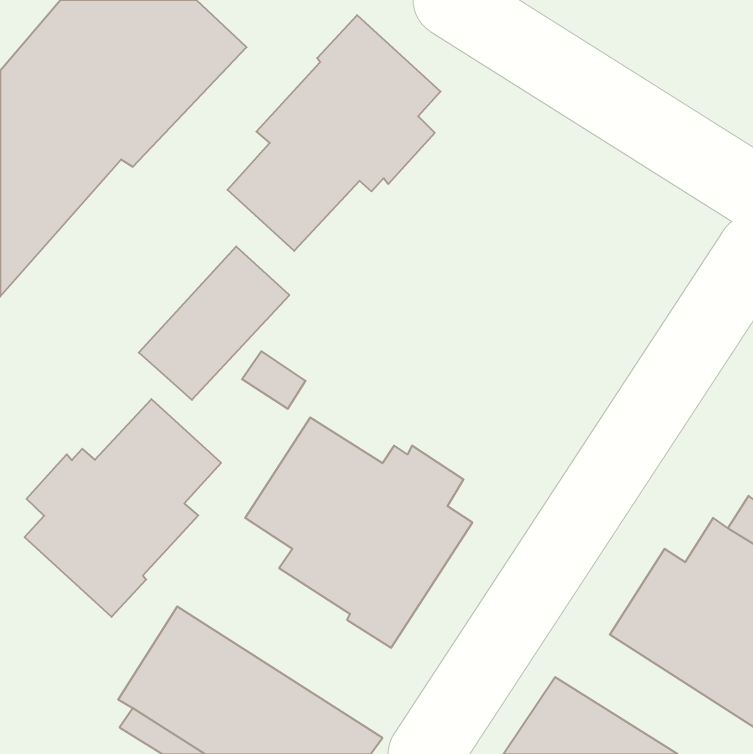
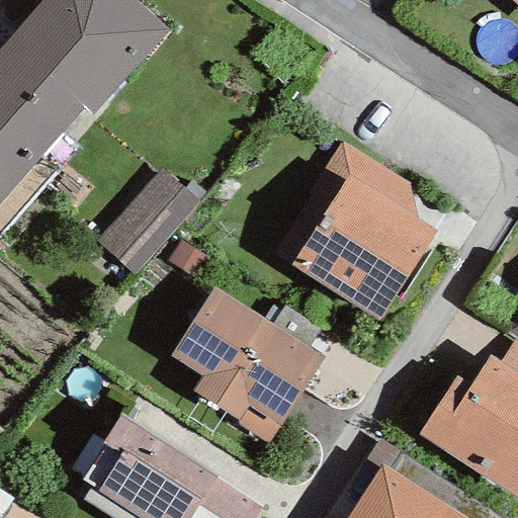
building: [227,15,441,251] -> none
building: none -> [273,142,437,323]
building: [25,399,221,617] -> none

